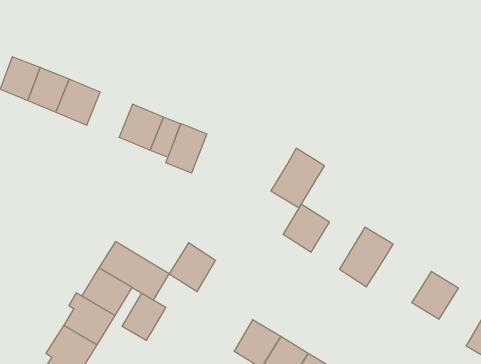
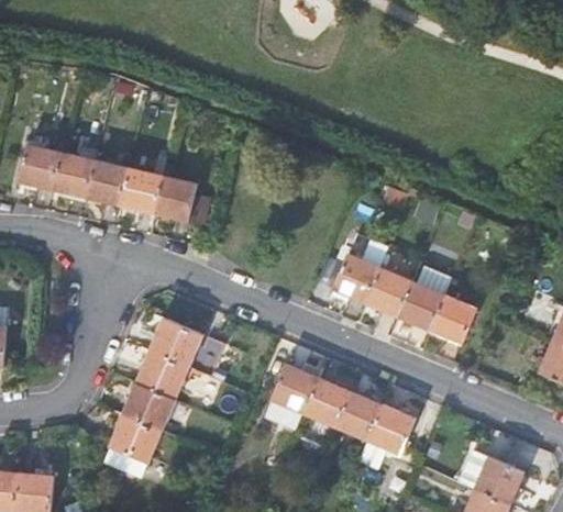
building: none -> [117,167,161,211]
building: [166,124,207,173] -> none
building: [271,148,324,208] -> [368,253,420,314]
building: [169,243,216,292] -> [272,366,318,415]
building: [412,271,458,319] -> [431,293,477,342]
building: [122,293,166,341] -> none

